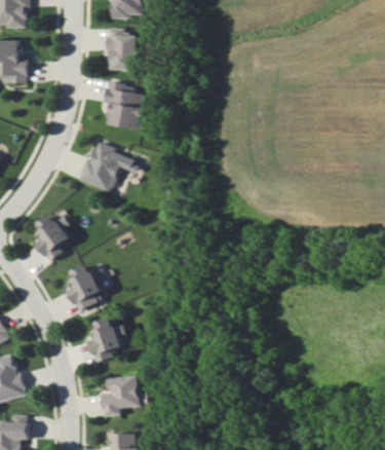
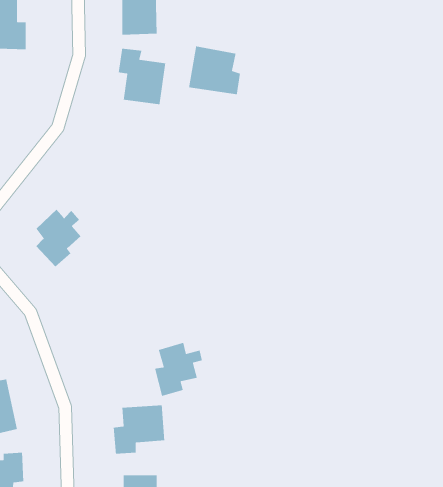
building: none -> [188,45,241,95]
building: [80,143,134,192] -> none
building: [70,263,107,310] -> none
building: [89,317,129,363] -> [154,342,203,397]

